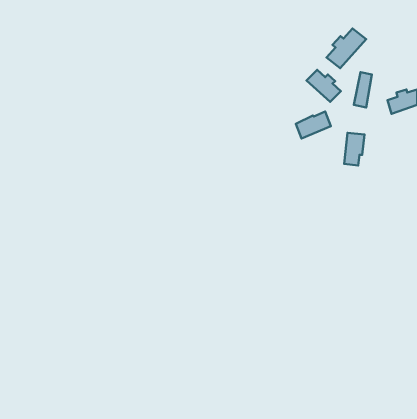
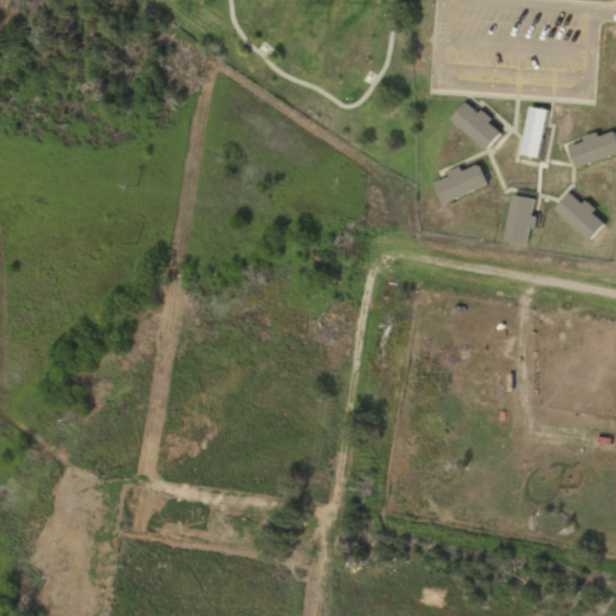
building: [327,28,366,68] -> none
building: none -> [555,190,604,239]

